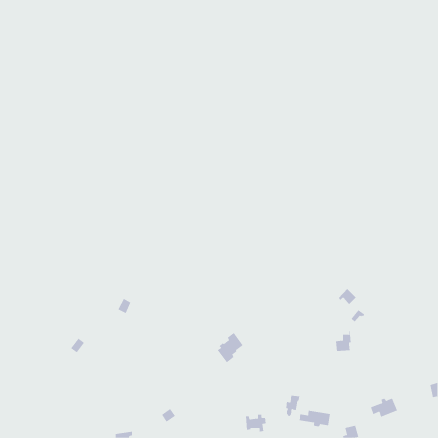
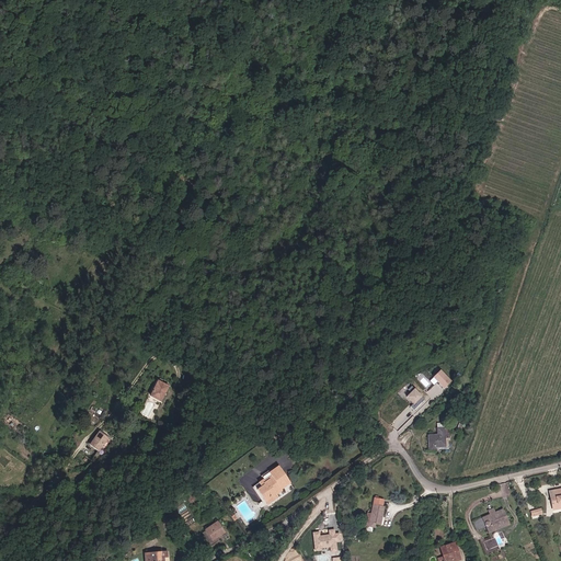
building: [217,332,244,363] -> [255,466,289,505]
building: [299,410,330,427] -> none

